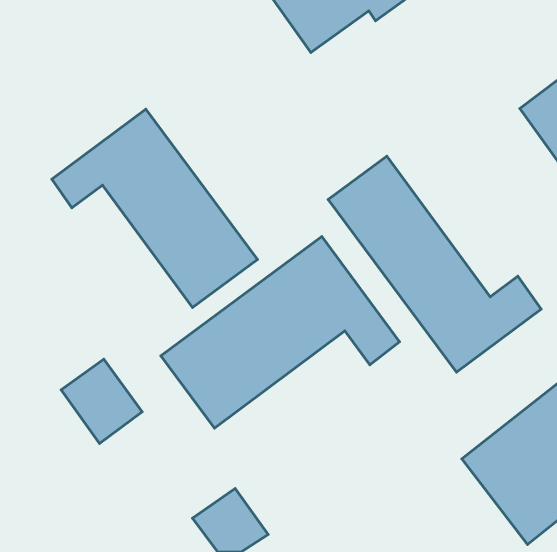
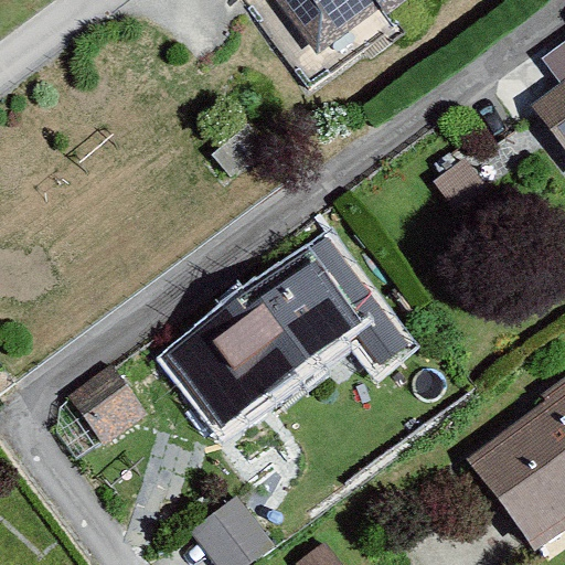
building: [52,109,257,308] -> none
building: [328,156,541,372] -> none

